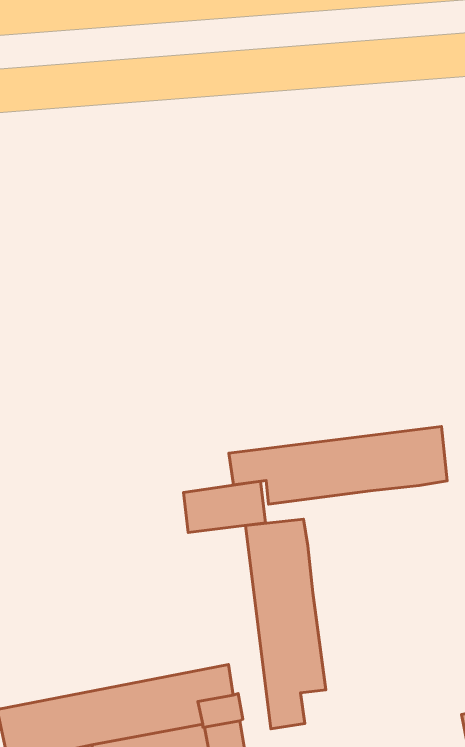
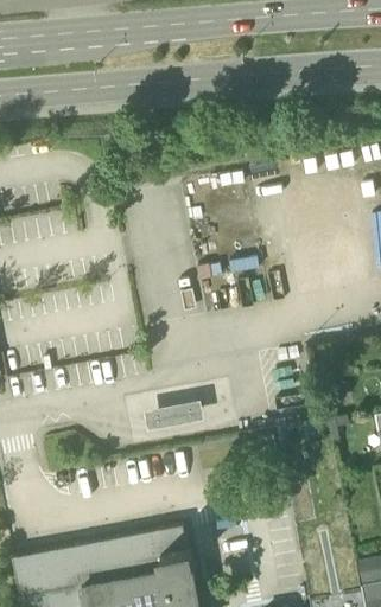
building: [229,427,447,504] -> none
building: [245,519,326,729] -> none

